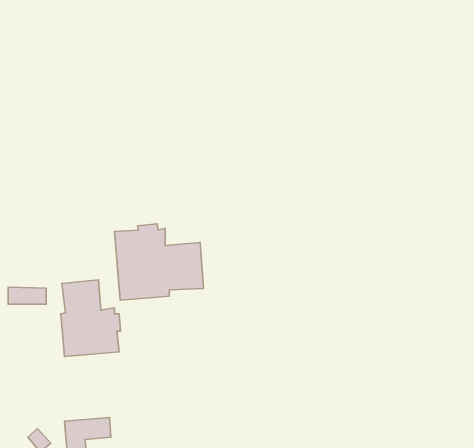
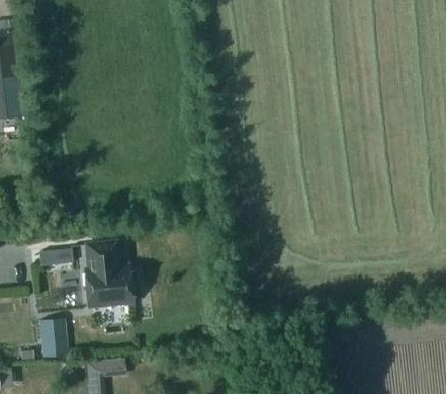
building: [114,224,203,300] -> none
building: none -> [37,319,66,359]

